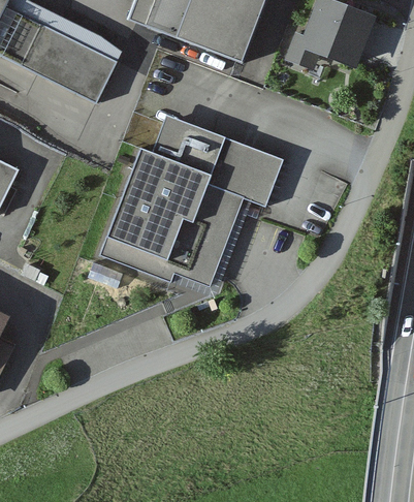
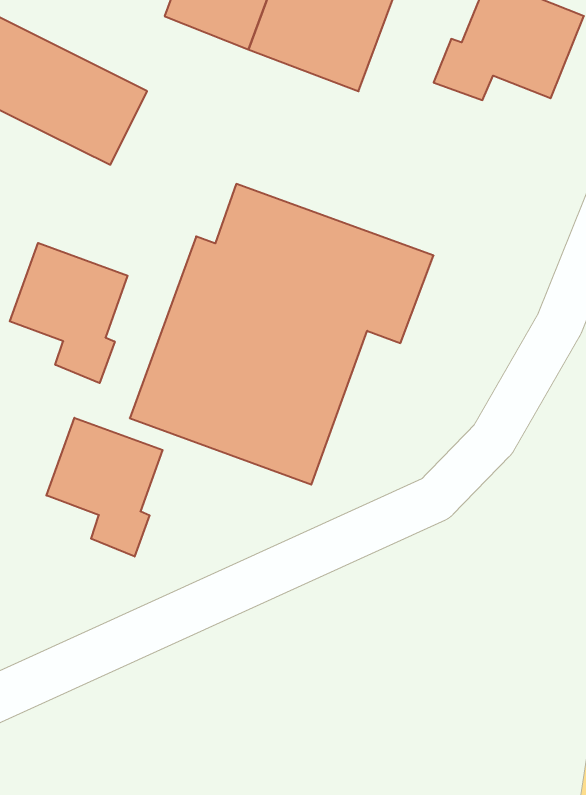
building: none -> [10,243,128,383]
building: none -> [46,418,163,557]

